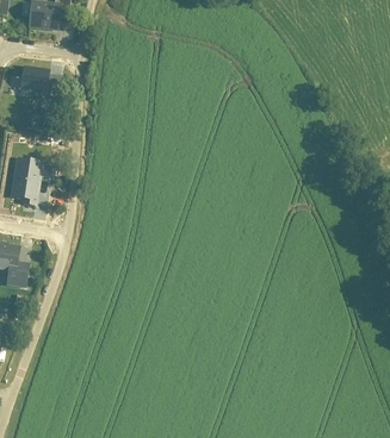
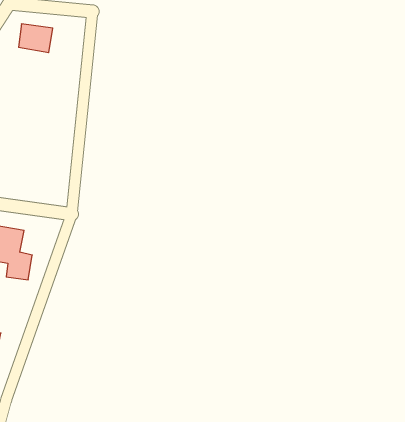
building: [11,157,42,198] -> none

